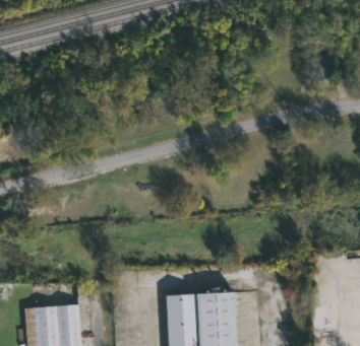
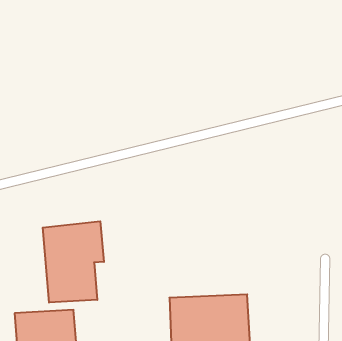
building: none -> [43,221,104,303]

